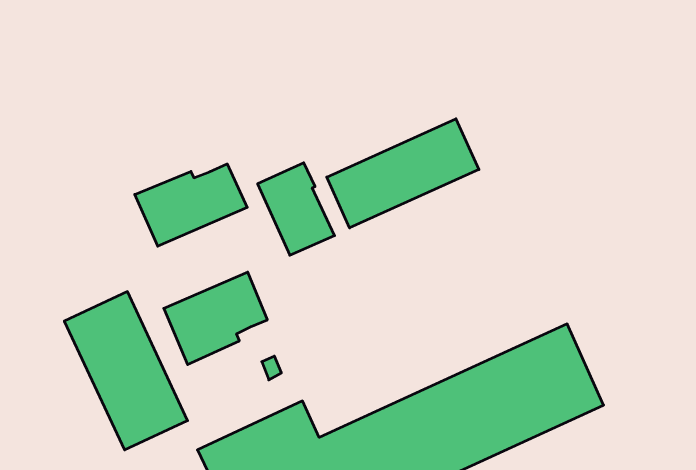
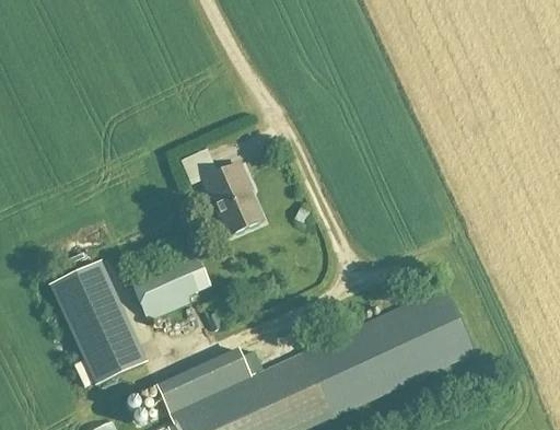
building: [327,119,479,228] -> none
building: [135,164,247,246] -> none

